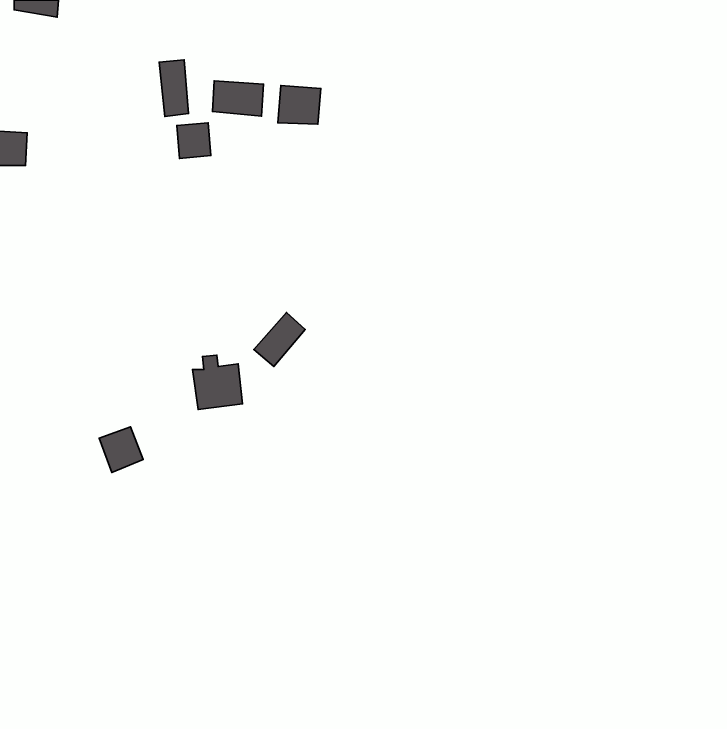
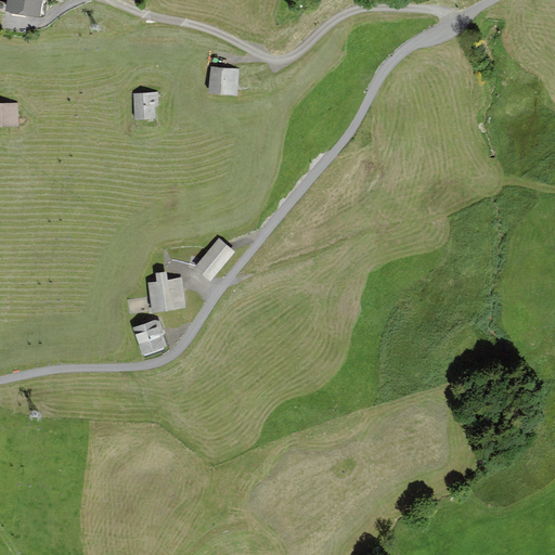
building: [159,60,189,117] -> none
building: [212,81,263,116] -> none
building: [99,427,143,472] -> [131,319,165,353]

